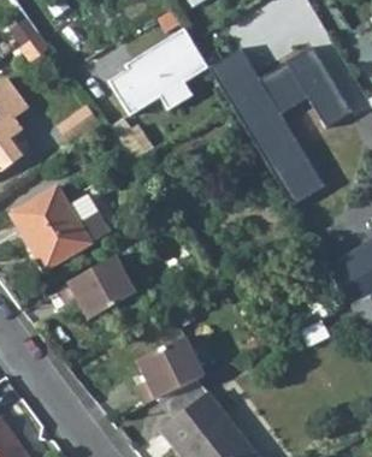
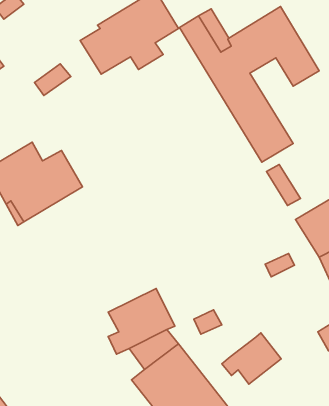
building: [57,254,135,319] -> none
building: none -> [222,333,281,384]

